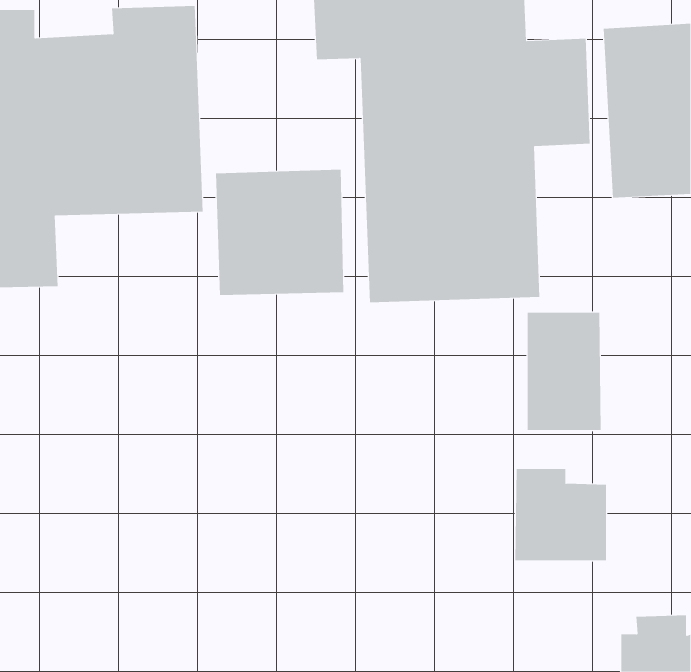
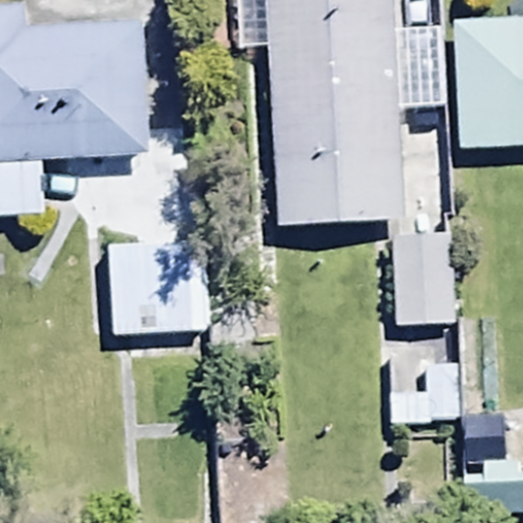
building: [215,169,344,295] -> [109,237,206,332]

